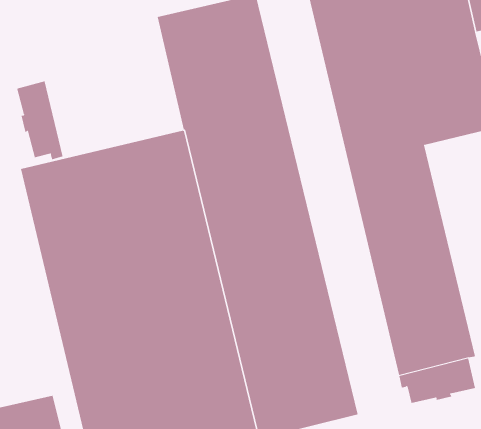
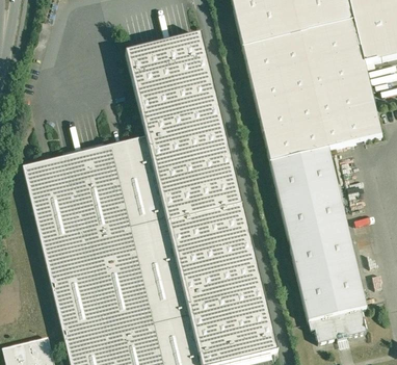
building: [16,80,63,160] -> none

